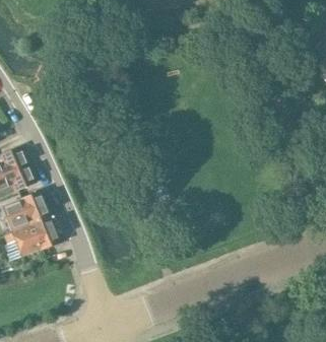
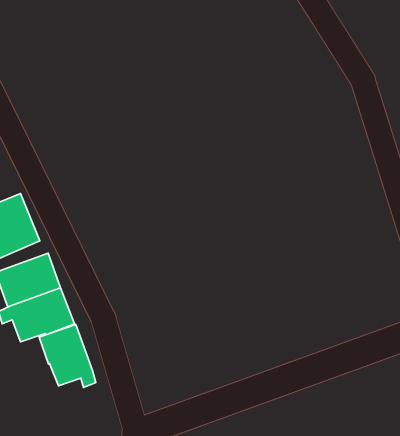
building: none -> [39,325,96,387]

